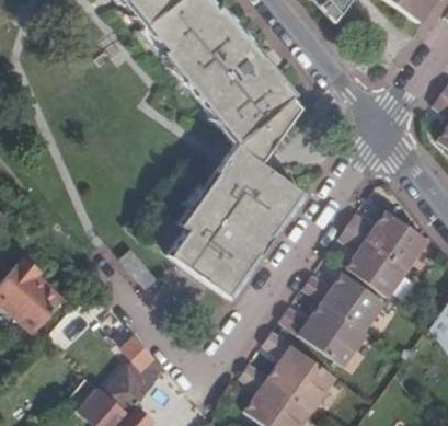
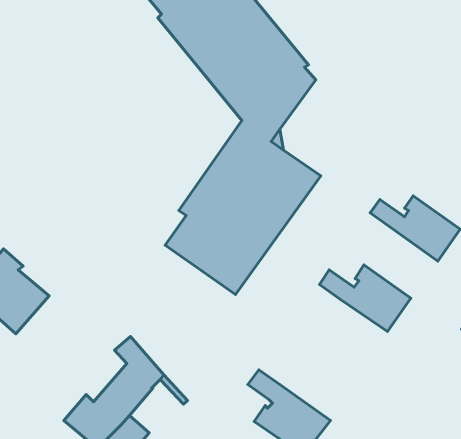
building: [340,224,410,296] -> none
building: [282,301,368,365] -> none
building: [264,331,337,408] -> none

